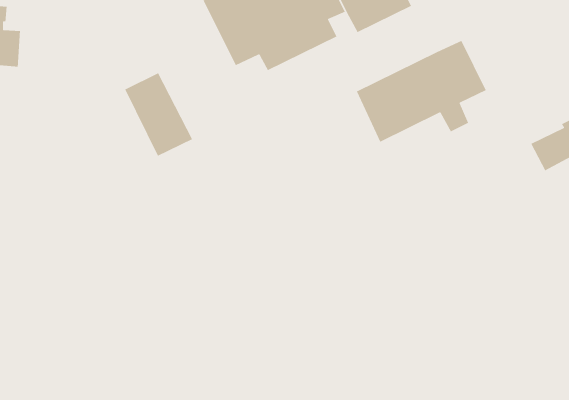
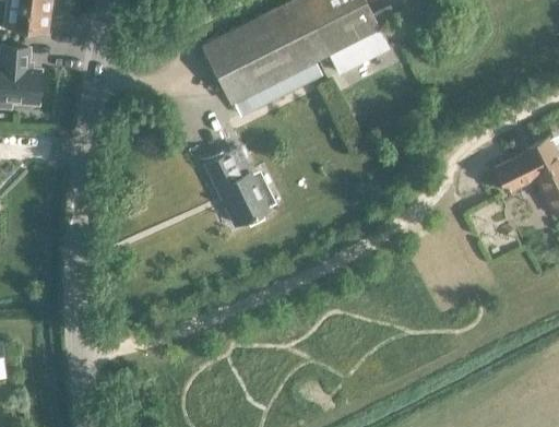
building: [356,40,487,143] -> none
building: [124,72,193,157] -> [207,150,269,225]

